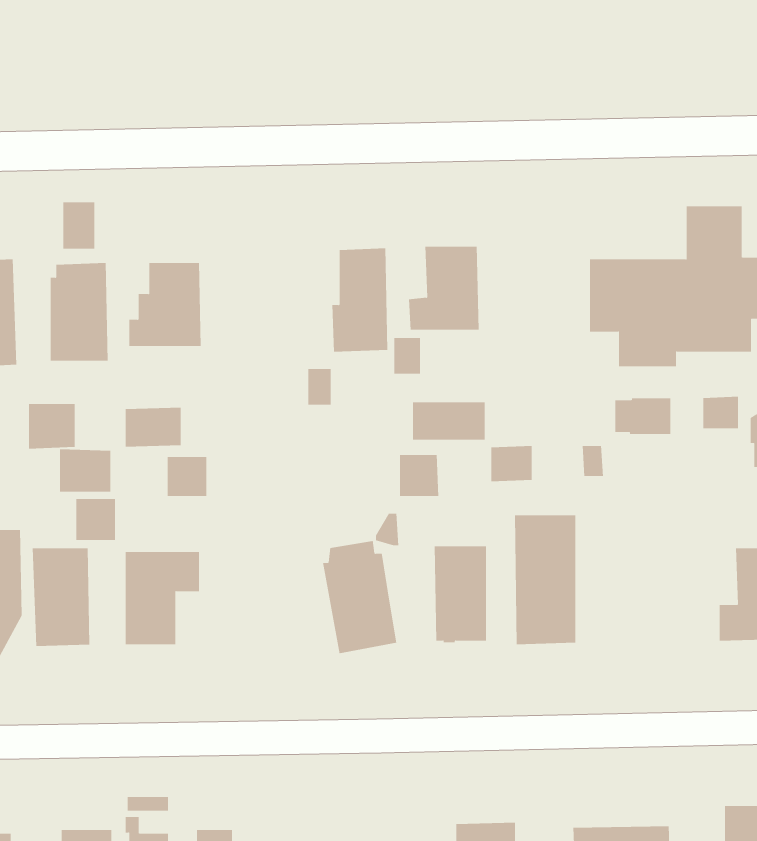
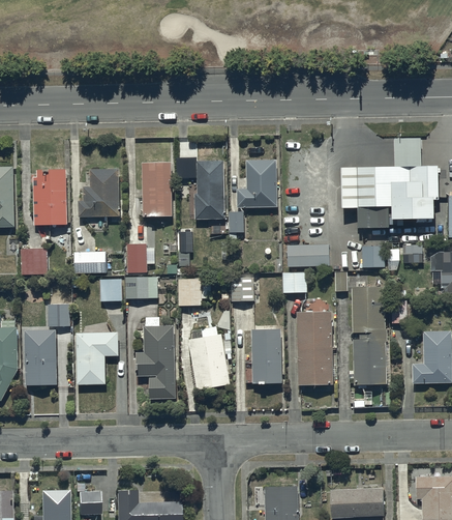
building: [63,202,95,250] -> none
building: none -> [141,162,173,218]
building: none -> [127,243,147,272]
building: [412,402,485,440] -> [290,243,331,265]
building: [60,448,111,493] -> none
building: none -> [125,277,158,298]
building: none -> [178,279,212,306]
building: none -> [351,287,385,384]
building: none -> [134,317,176,399]

